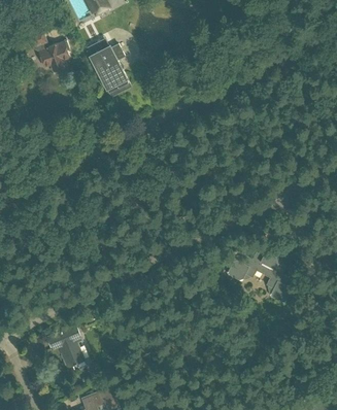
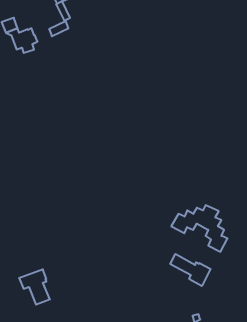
building: [90,45,130,98] -> none
building: none -> [170,254,211,286]

